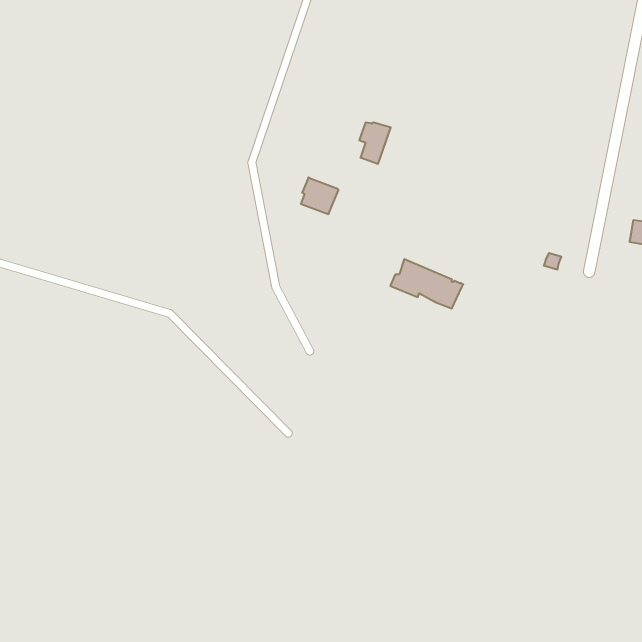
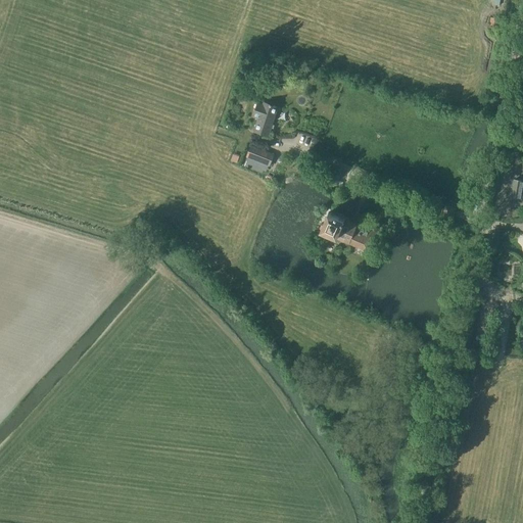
building: [359,122,391,164] -> [253,102,279,136]

